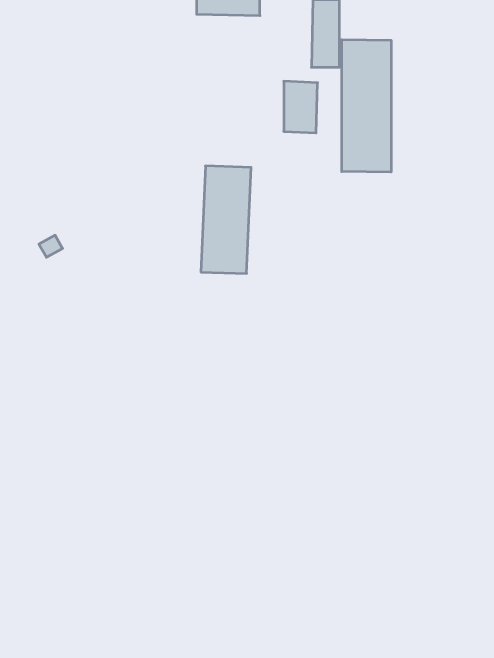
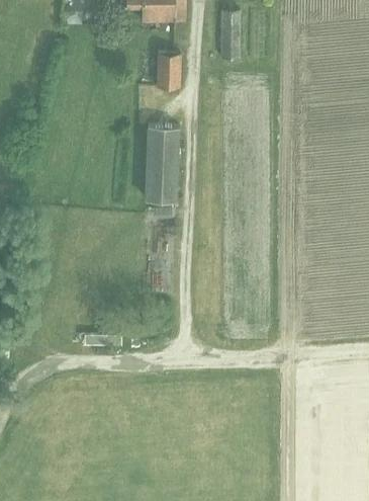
building: [342,40,391,172] -> none
building: [284,81,318,133] -> [157,52,180,87]

